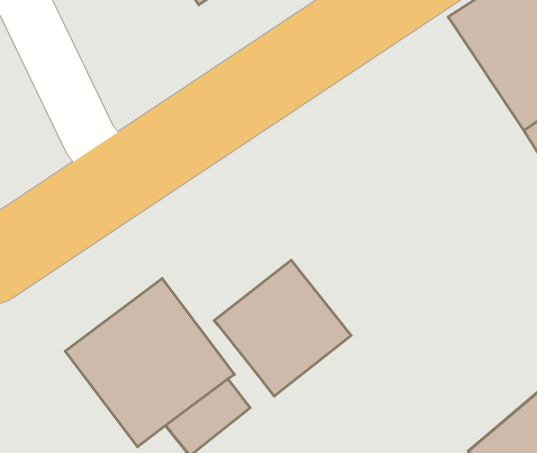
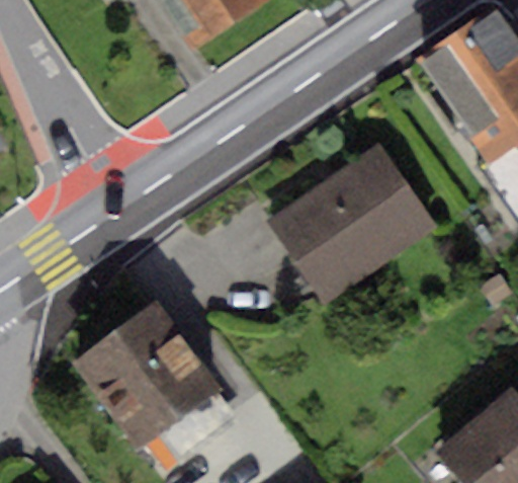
building: none -> [270,144,435,301]
building: [214,260,351,396] -> none

